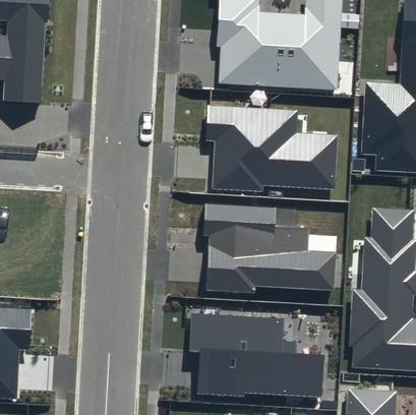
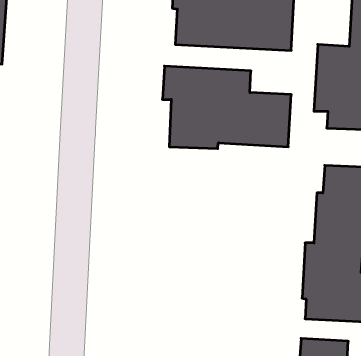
building: [203,204,338,294] -> none
building: [190,313,325,398] -> none

